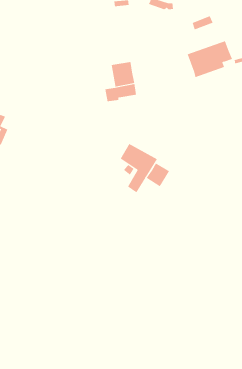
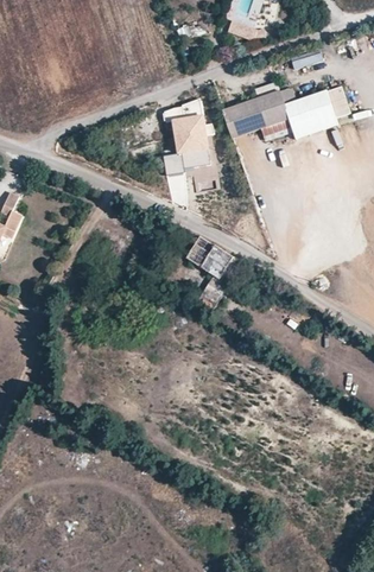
building: none -> [222,89,293,140]
building: [146,163,170,187] -> none

